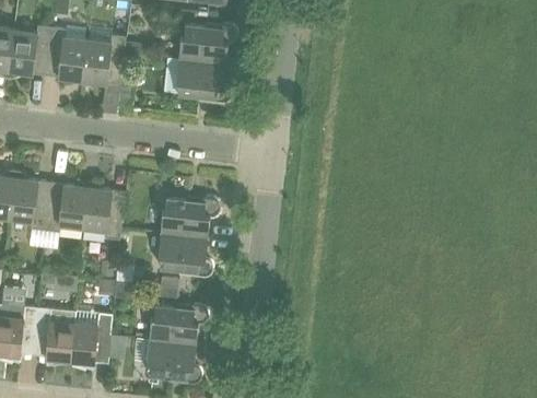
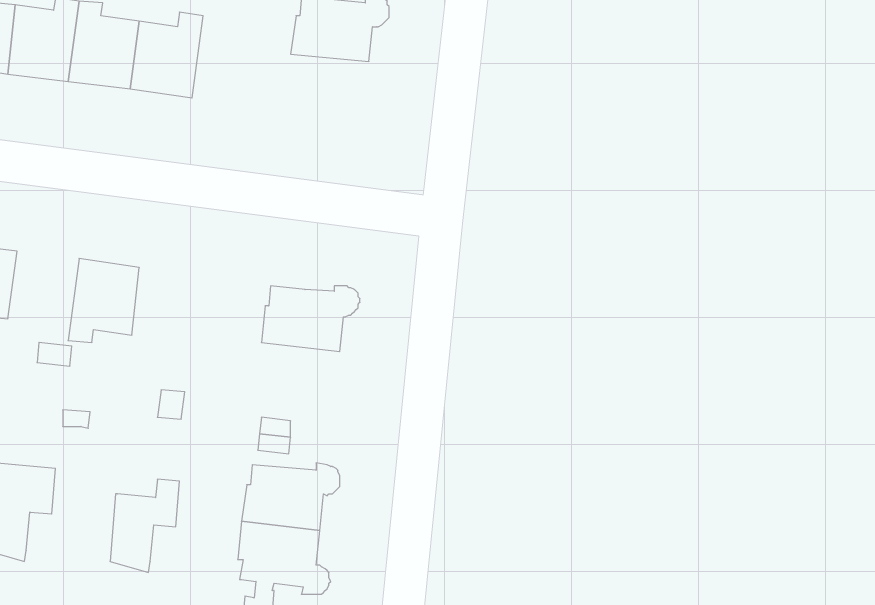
building: [163,57,231,103] -> none
building: [8,177,50,231] -> none
building: [82,187,125,239] -> none
building: [156,232,212,277] -> none
building: [34,307,74,365] -> none

